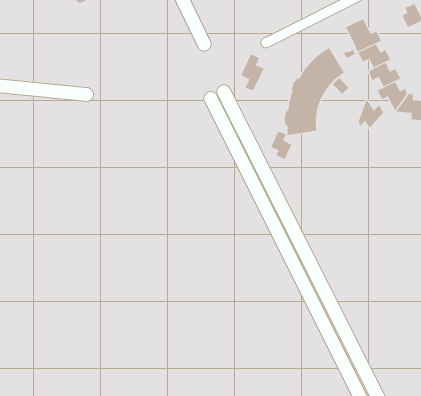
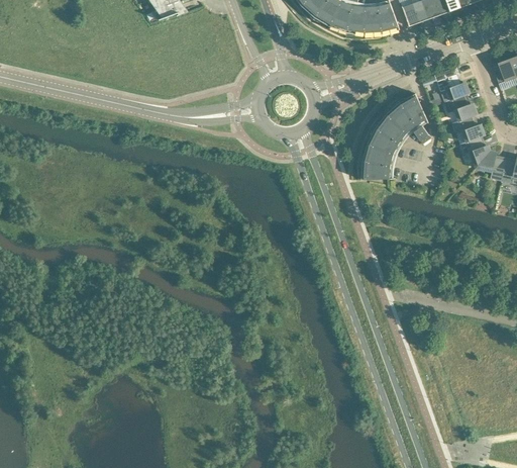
building: [236,53,267,91] -> none
building: [358,99,384,129] -> none
building: [268,131,295,160] -> none

